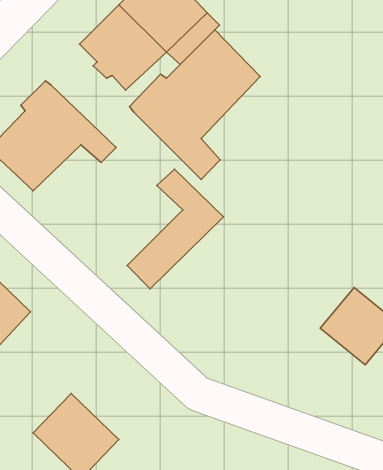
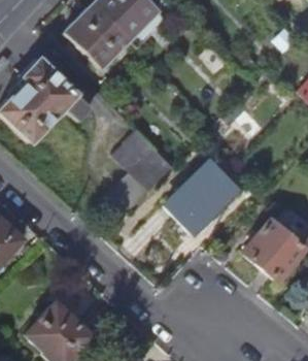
building: [129,30,260,180] -> none
building: none -> [151,162,240,251]

